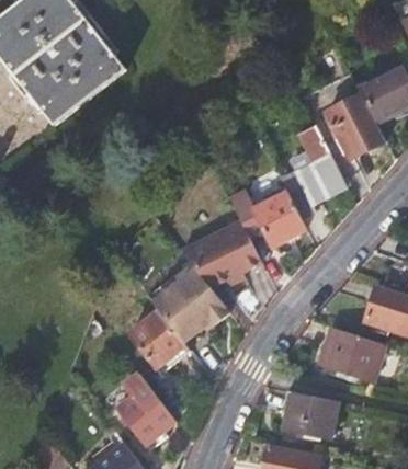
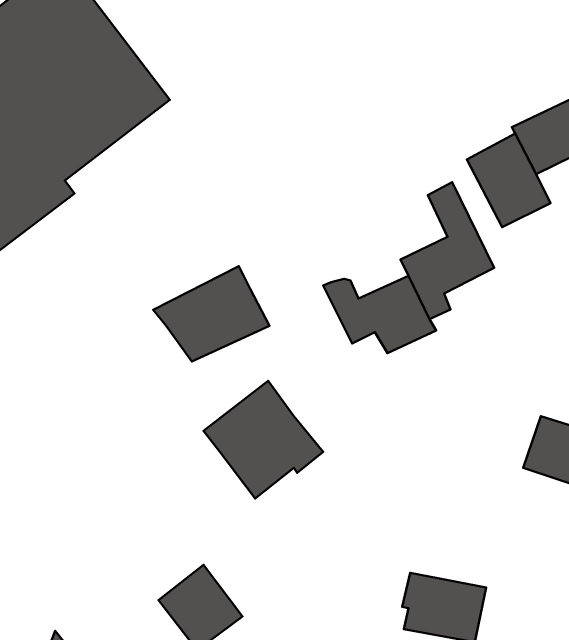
building: [182,221,261,286] -> [153,266,269,361]
building: [127,310,189,370] -> none
building: [320,328,383,380] -> none

